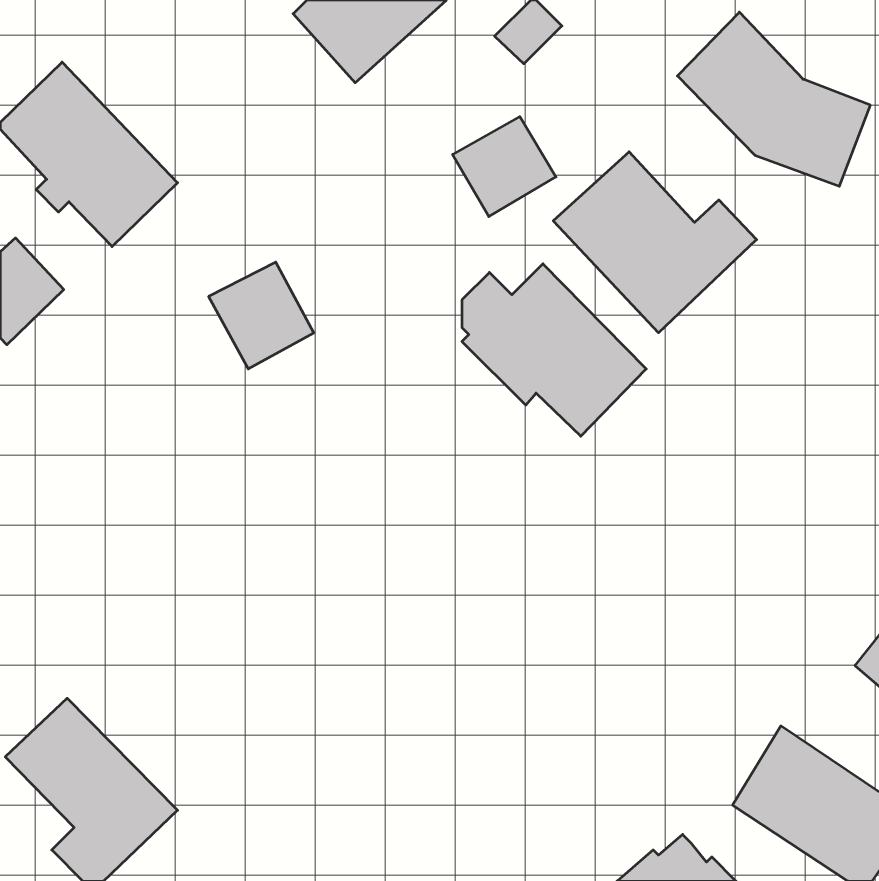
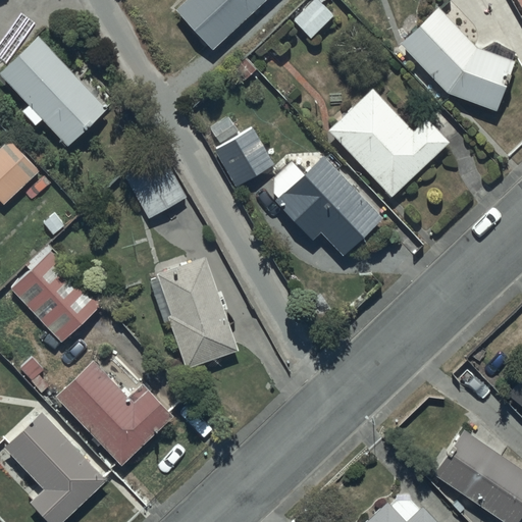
building: [453,117,556,217] -> [214,129,275,189]
building: none -> [11,248,101,343]
building: none -> [156,257,238,367]
building: none -> [56,361,174,466]

